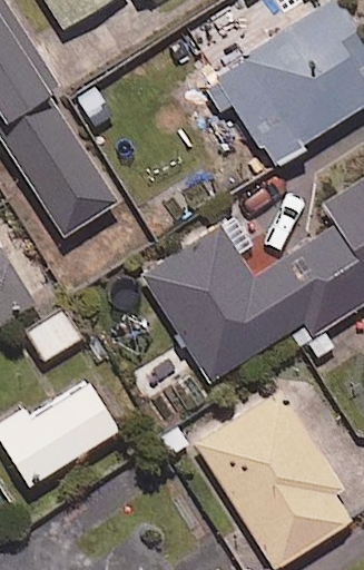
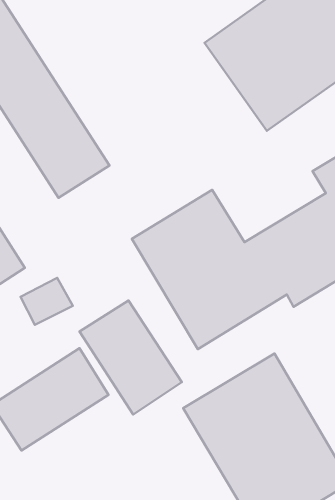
building: none -> [80,300,182,415]

